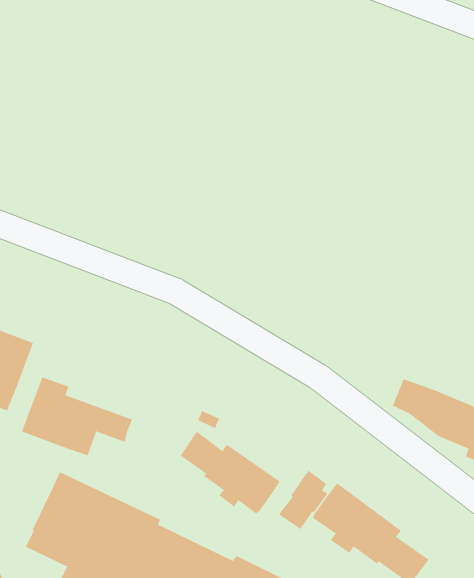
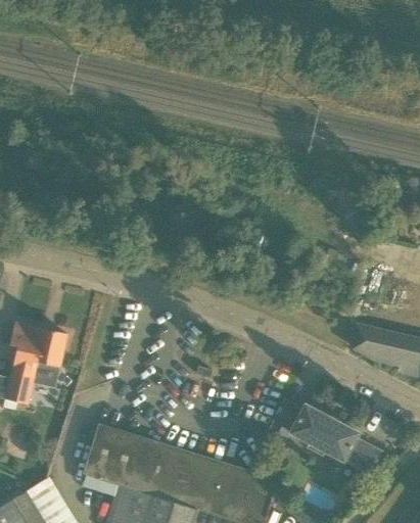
building: [21,376,133,456] -> none
building: [180,431,281,514] -> none

